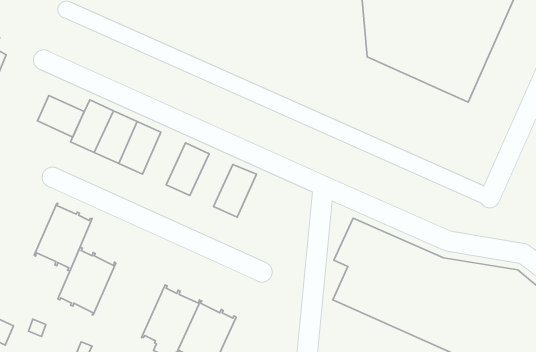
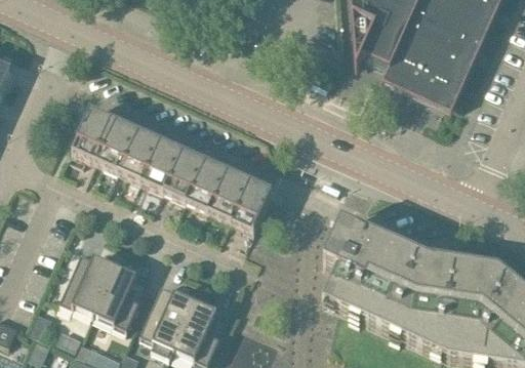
building: [37,95,84,137] -> none
building: none -> [144,137,185,188]
building: none -> [189,158,230,208]
building: none -> [234,177,275,229]
building: [34,203,92,271] -> [96,262,152,327]

